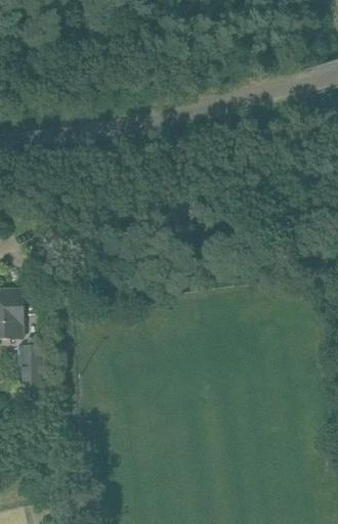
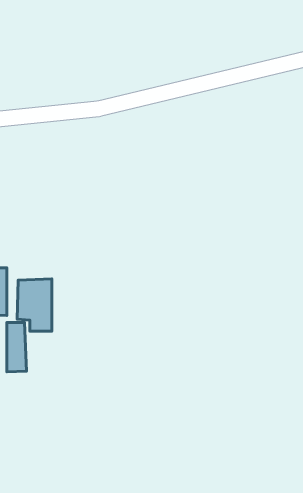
building: none -> [17,279,52,331]

